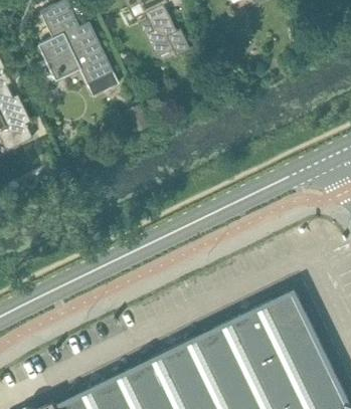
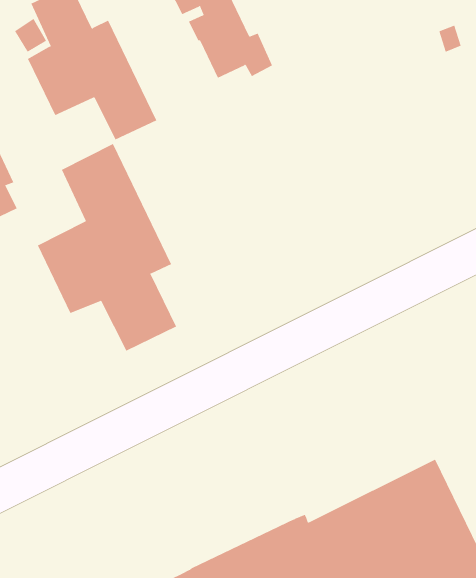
building: none -> [37,143,177,352]

